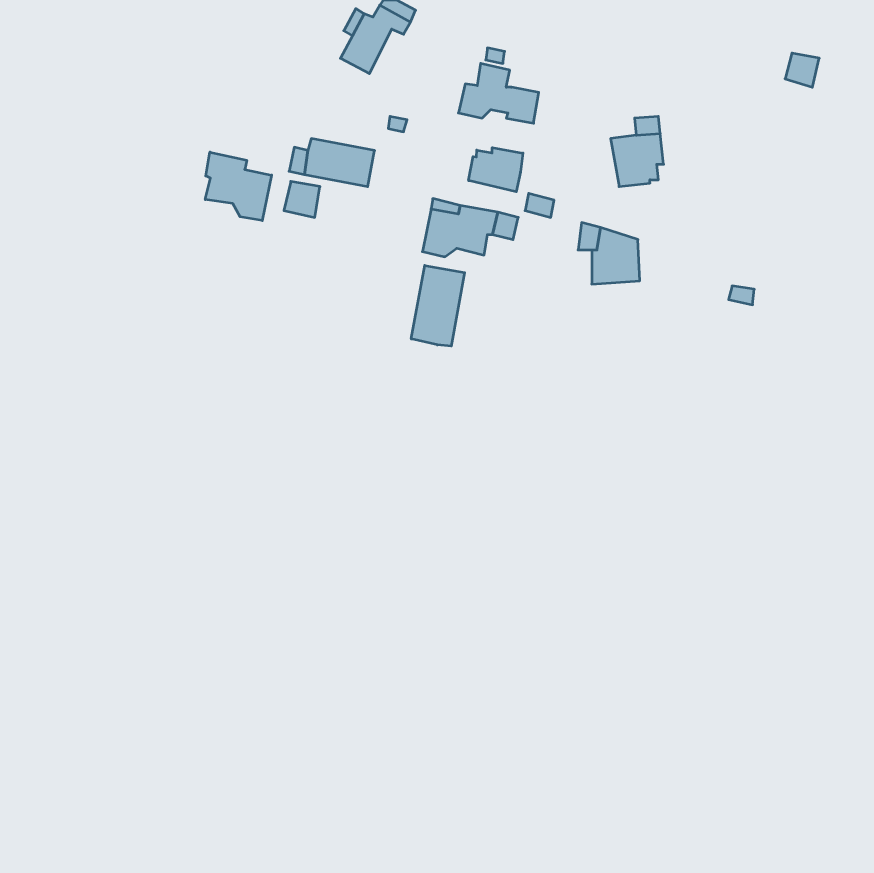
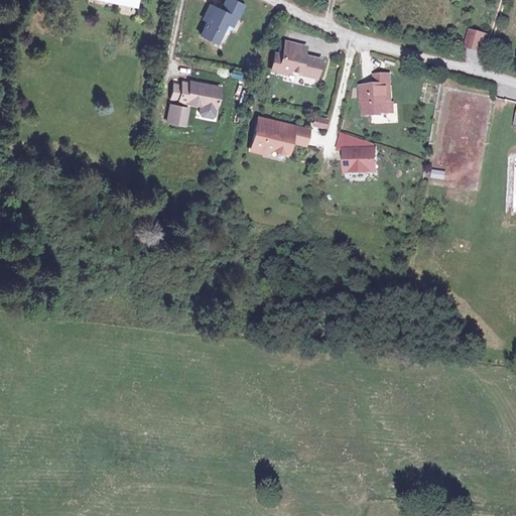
building: [469,148,523,192] -> none
building: [205,152,272,221] -> none
building: [411,265,465,346] -> none

